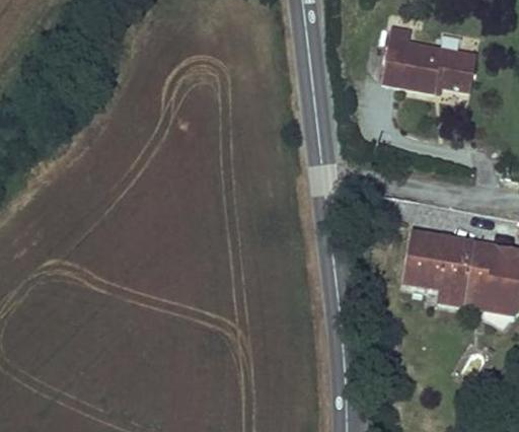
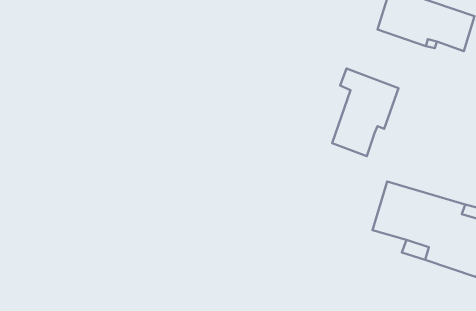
building: none -> [332,69,398,156]

